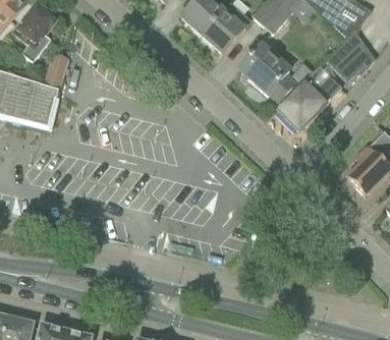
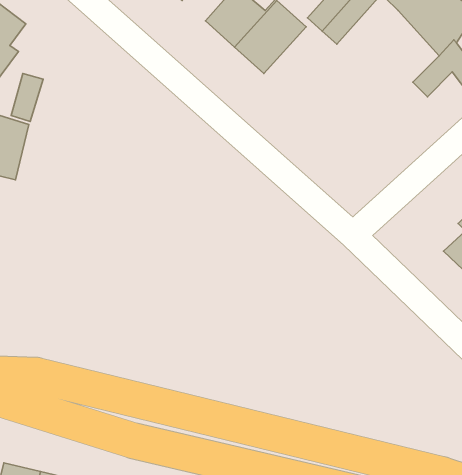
building: [239,44,296,100] -> none
building: [278,65,341,129] -> none

